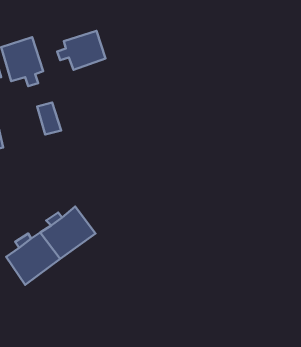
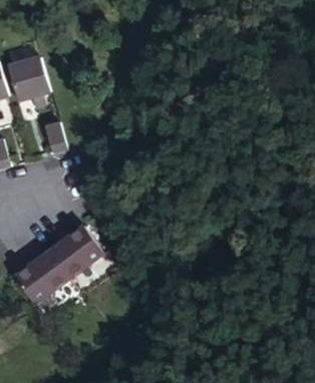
building: [57,31,105,70] -> none

